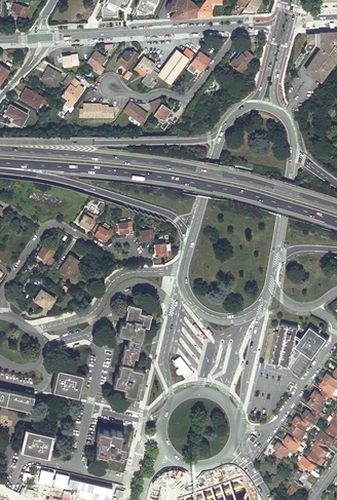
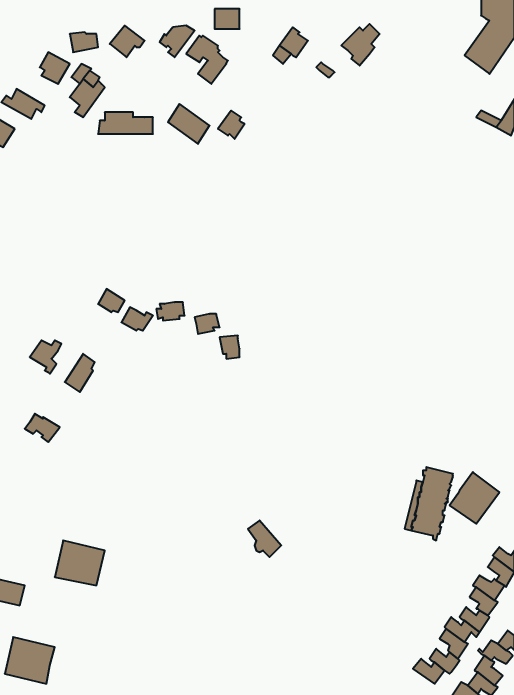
building: [155,48,193,84] -> none
building: [114,304,150,395] -> none
building: [96,429,125,456] -> none

